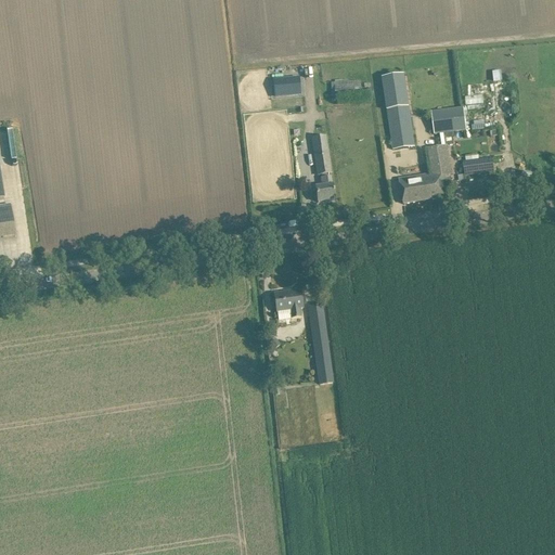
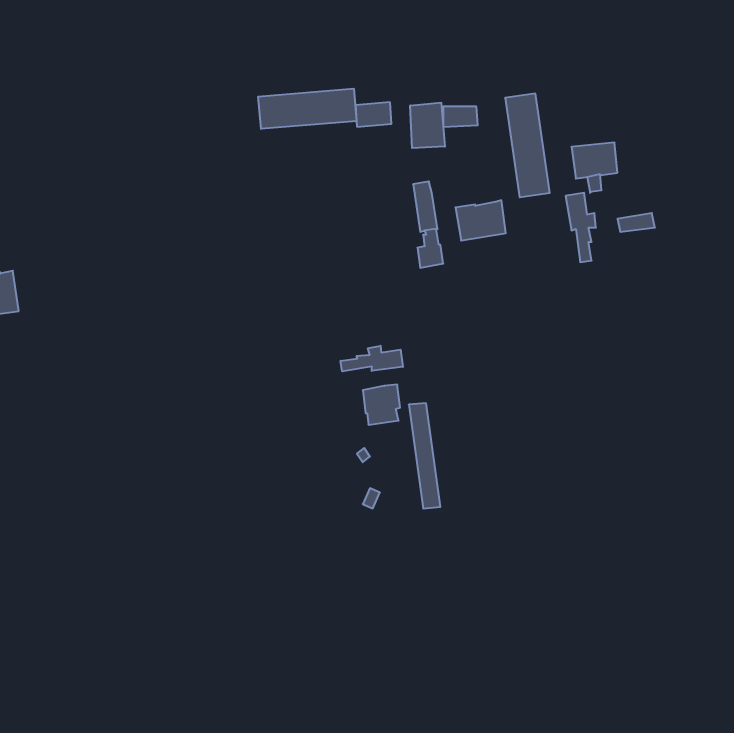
building: none -> [258,89,357,129]
building: none -> [410,103,445,148]
building: [399,172,437,203] -> [455,200,506,241]
building: none -> [341,346,403,371]

